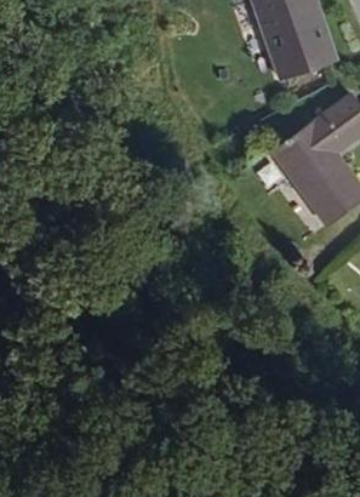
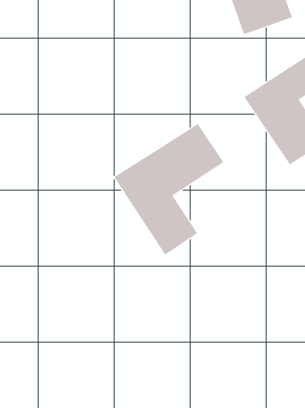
building: none -> [113,123,224,255]

